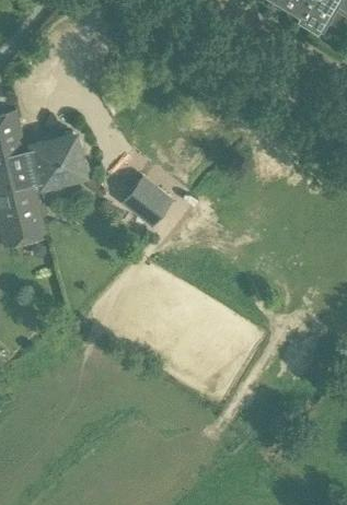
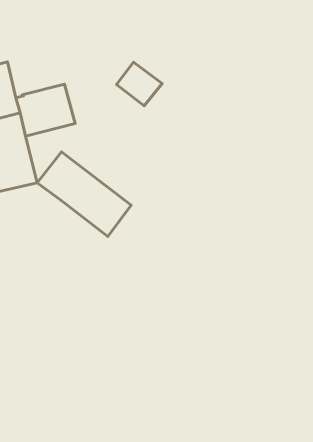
building: [122,171,169,215] -> [117,62,162,106]
building: none -> [37,152,131,237]

